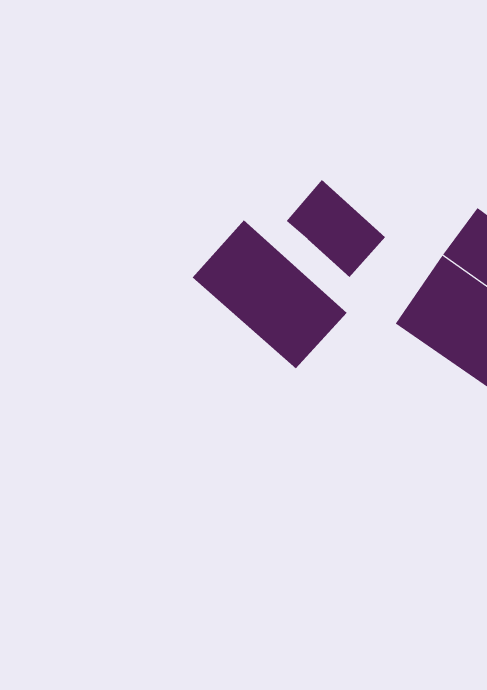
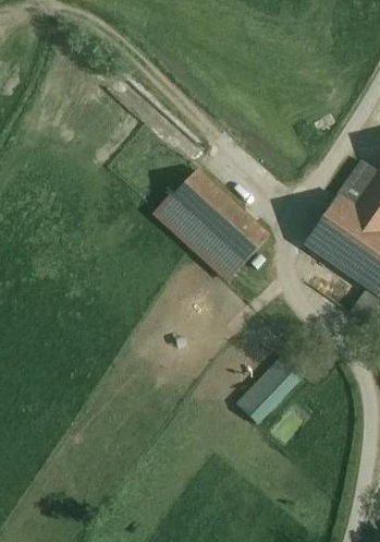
building: [286,179,386,278] -> none
building: none -> [237,354,303,421]

